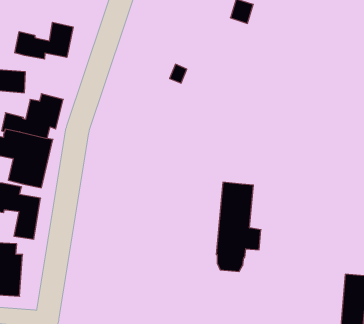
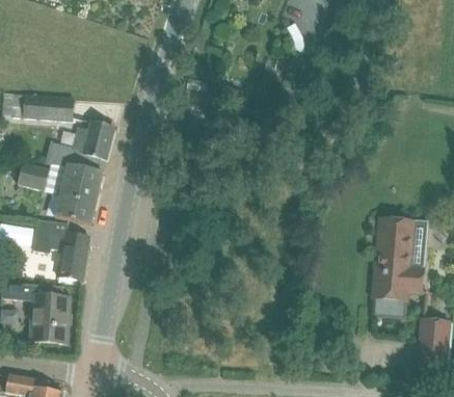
building: [15,22,73,59] -> none
building: [216,182,261,272] -> [374,218,423,316]

